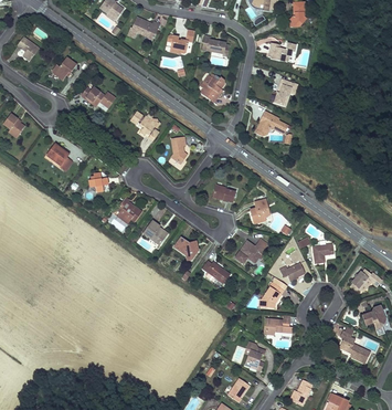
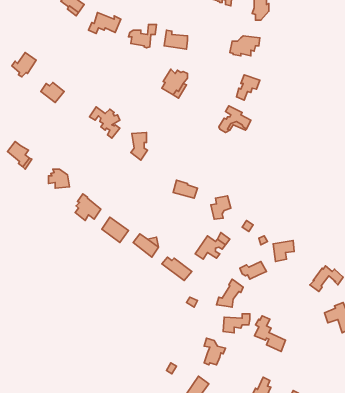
building: [341,329,372,365] -> [254,316,286,351]

